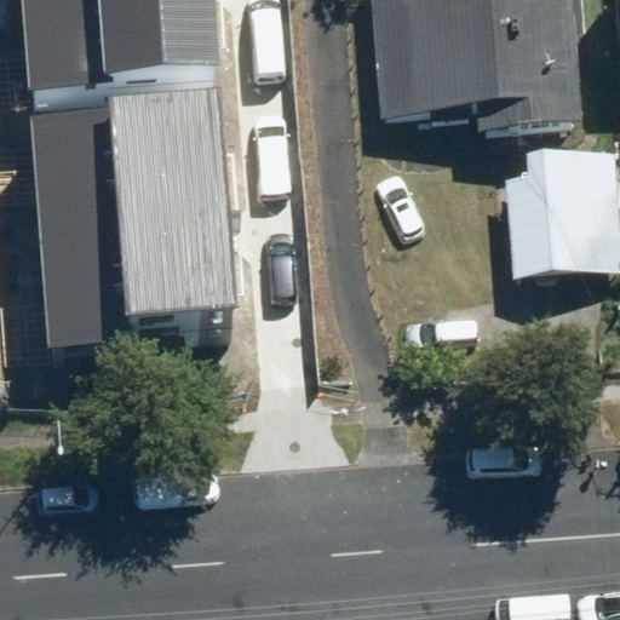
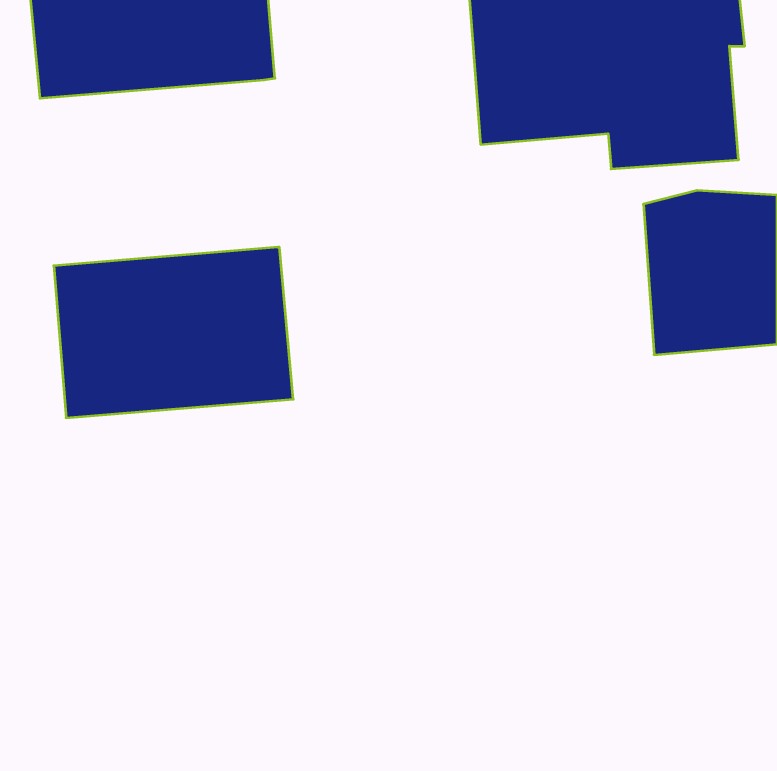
building: [31,63,219,209] -> none

